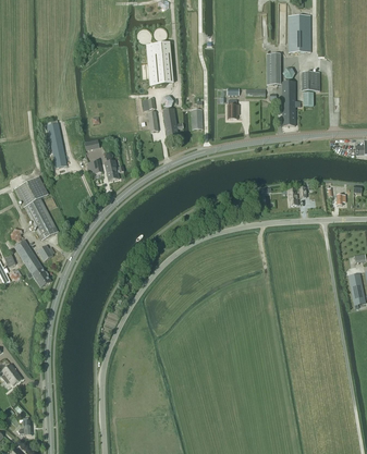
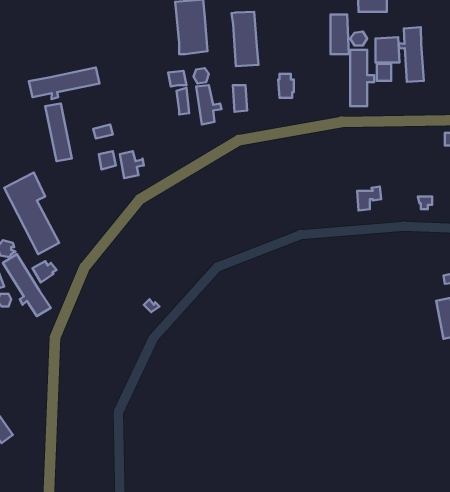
building: none -> [231,12,258,66]
building: none -> [399,27,424,82]
building: none -> [29,68,99,99]

